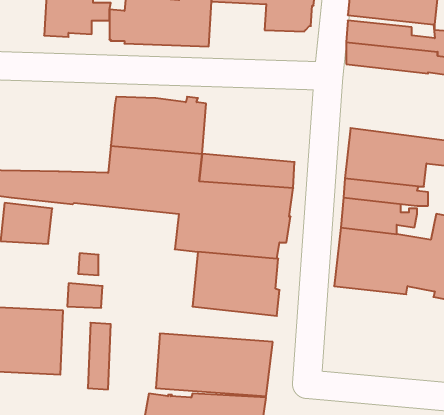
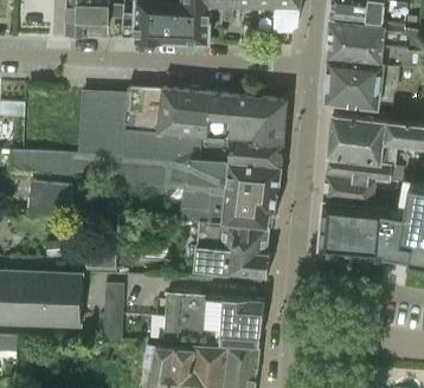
building: none -> [326,59,399,109]
building: none -> [78,92,127,154]
building: none -> [203,93,287,144]

